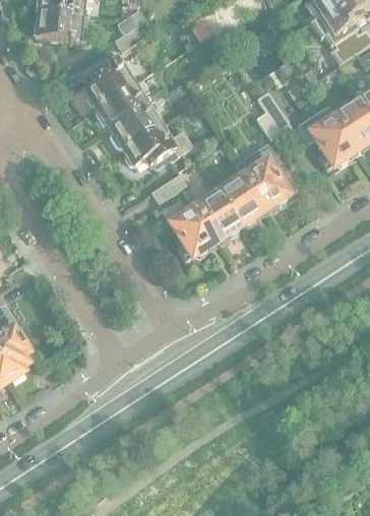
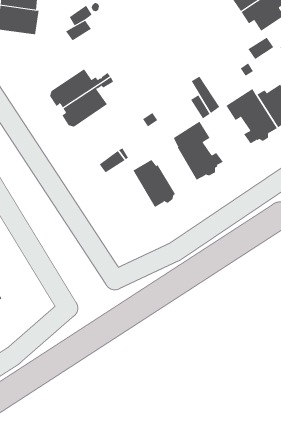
building: [84,52,135,108] -> none
building: [123,123,193,167] -> none
building: [211,143,263,225] -> none
building: [166,199,215,260] -> none

